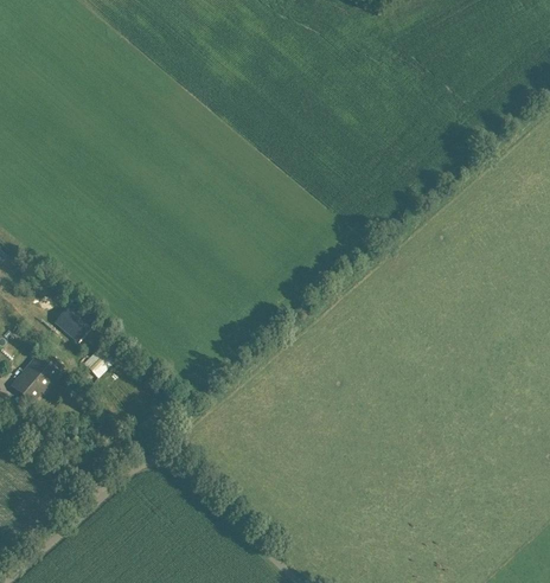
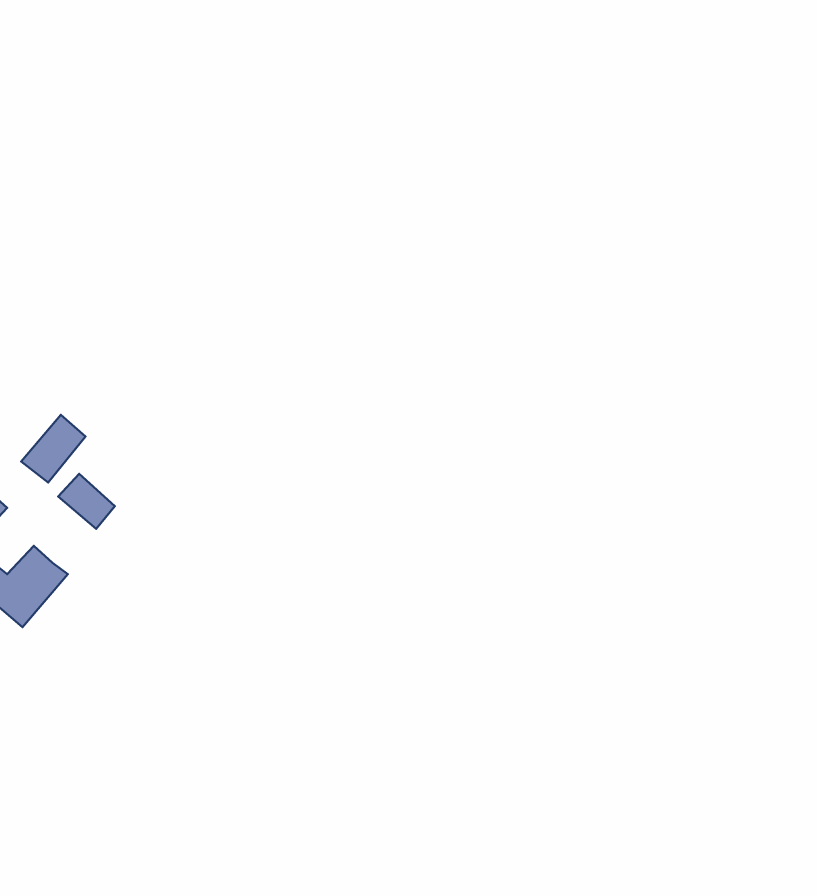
building: none -> [21,415,85,482]

